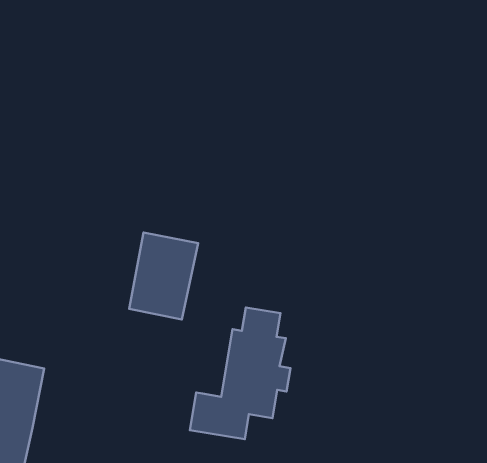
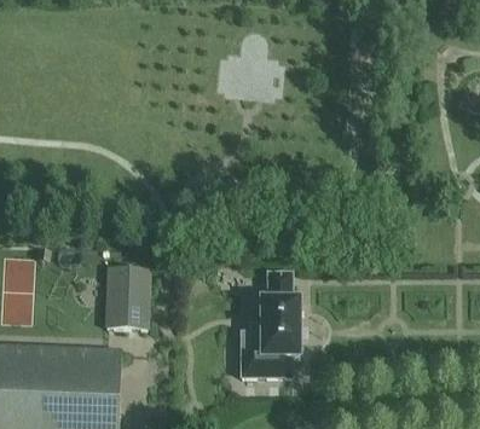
building: [129,232,198,319] -> [106,266,150,326]

